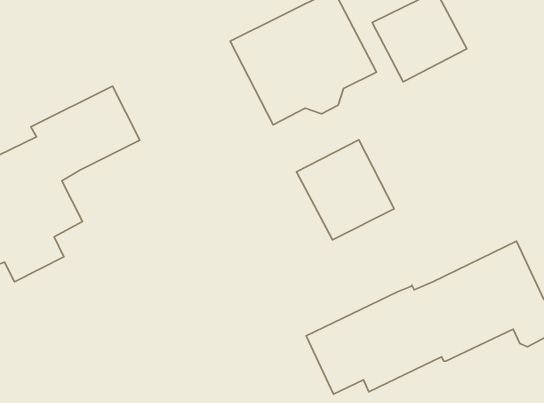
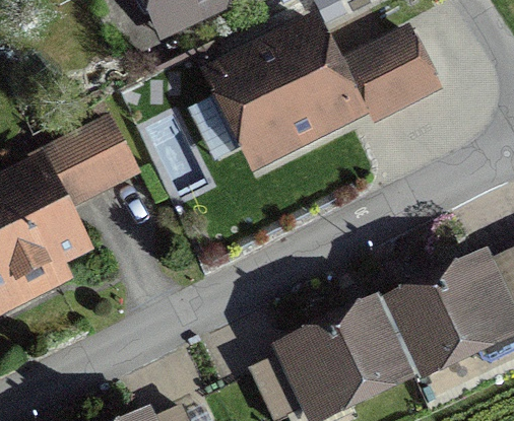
building: [296,140,394,240] -> none

